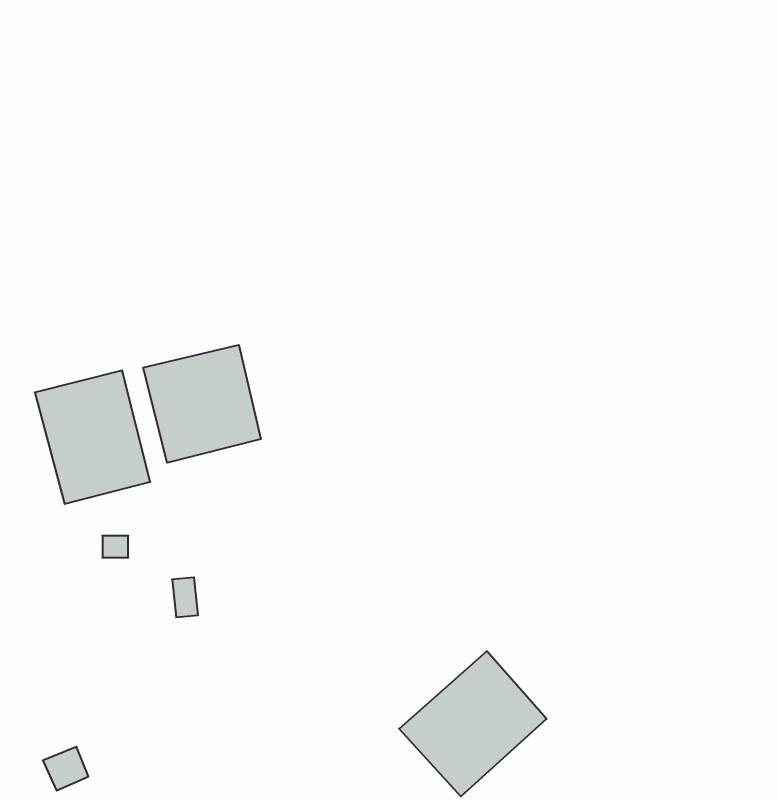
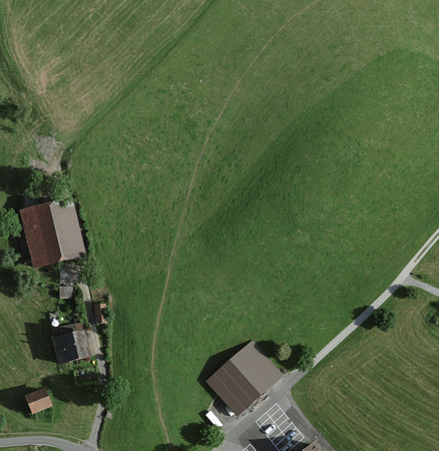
building: [143,345,261,463] -> none
building: none -> [52,334,85,362]

